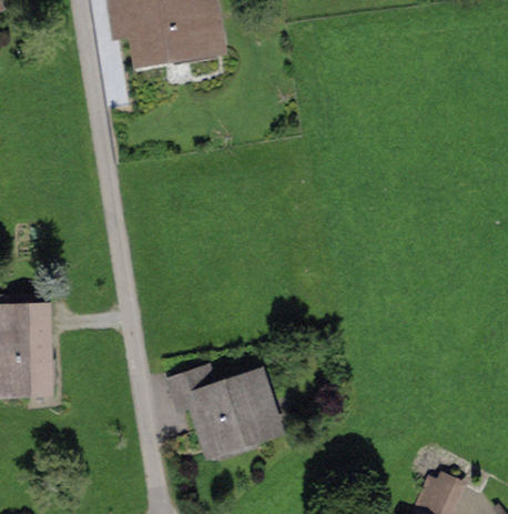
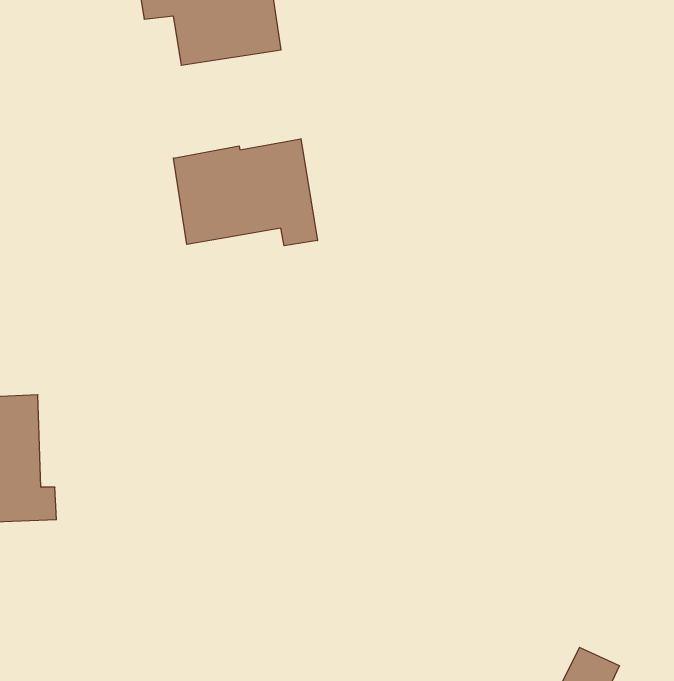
building: none -> [173,139,317,246]
building: [176,374,275,452] -> none

